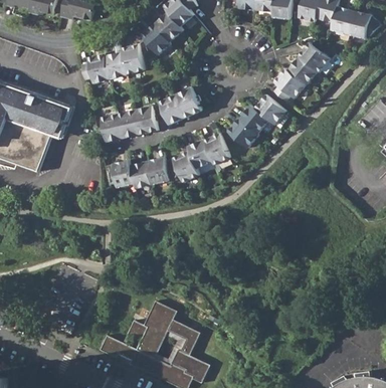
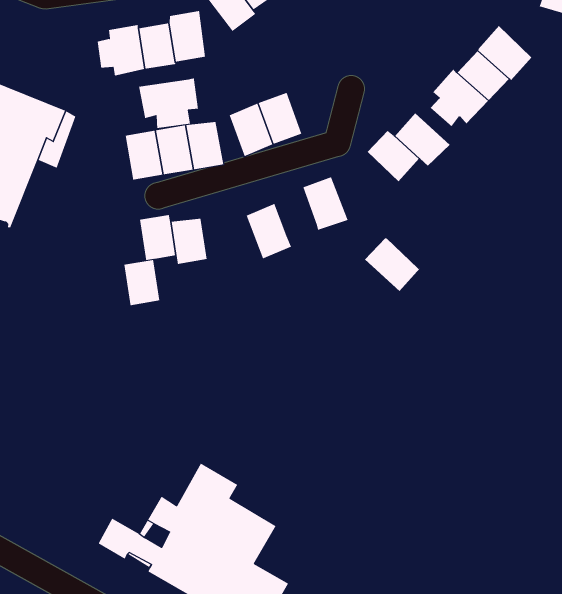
building: none -> [138,77,199,129]
building: [226,118,258,148] -> [364,238,420,292]
building: [186,139,212,168] -> none
building: [147,157,169,184] -> [123,259,160,306]

